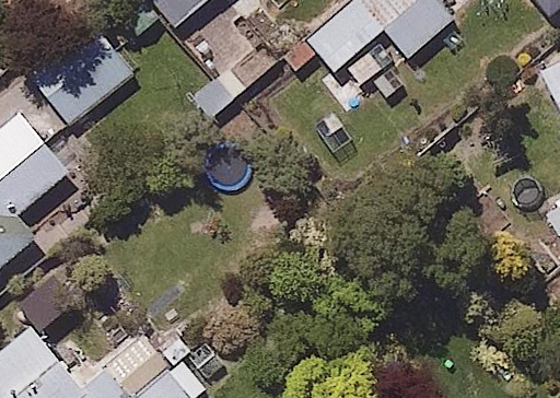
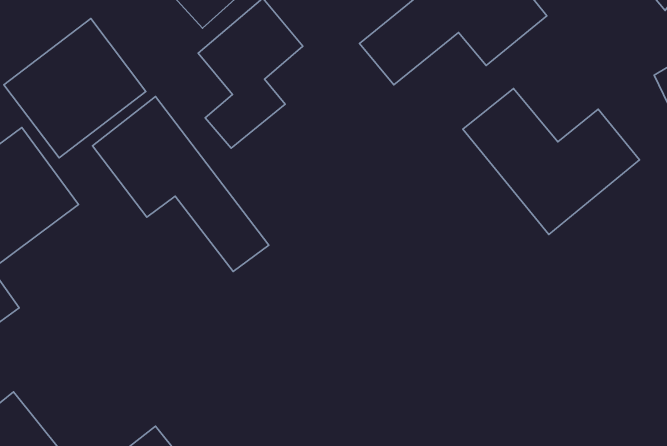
building: none -> [463,88,639,235]
building: none -> [93,97,269,272]

